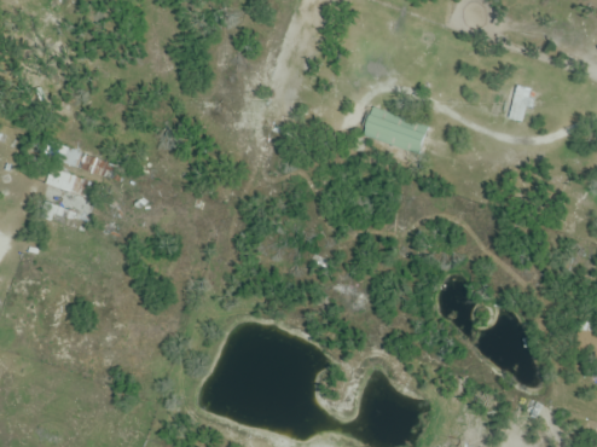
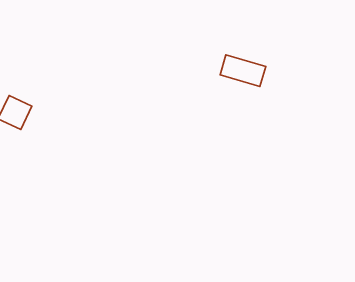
building: [510,86,532,123] -> none

